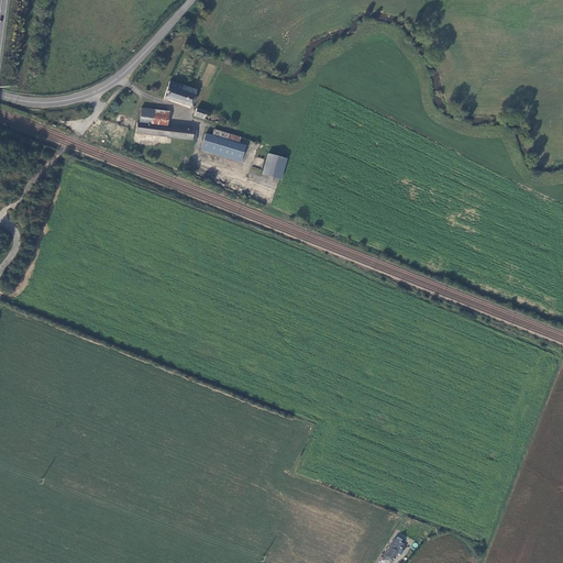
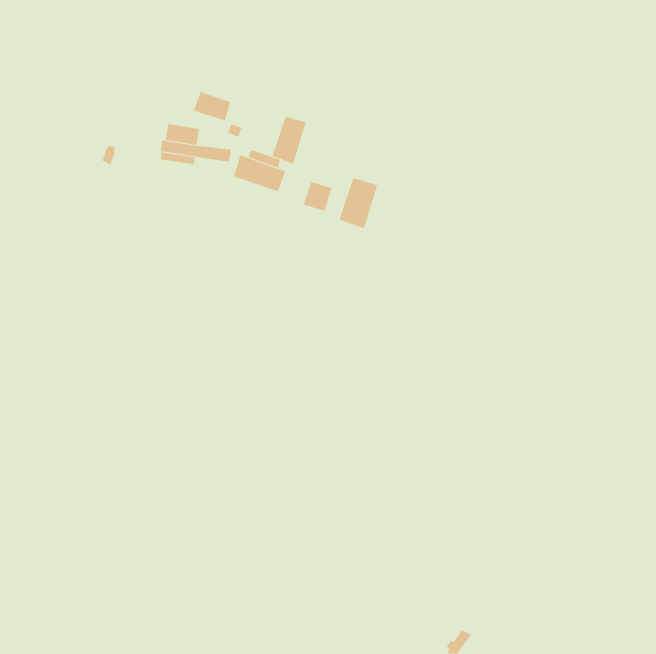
building: none -> [272,116,307,164]
building: none -> [339,177,378,229]

